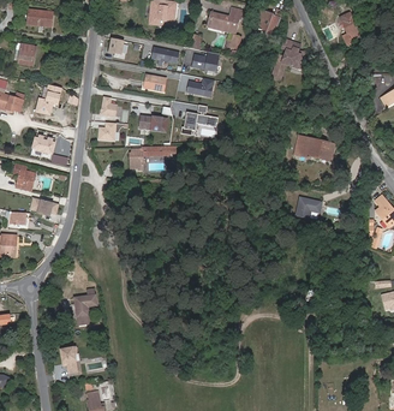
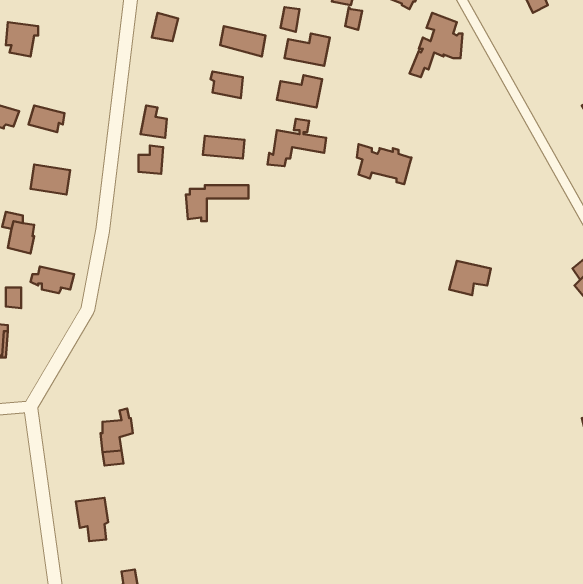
building: [300,136,335,161] -> [357,144,412,184]

